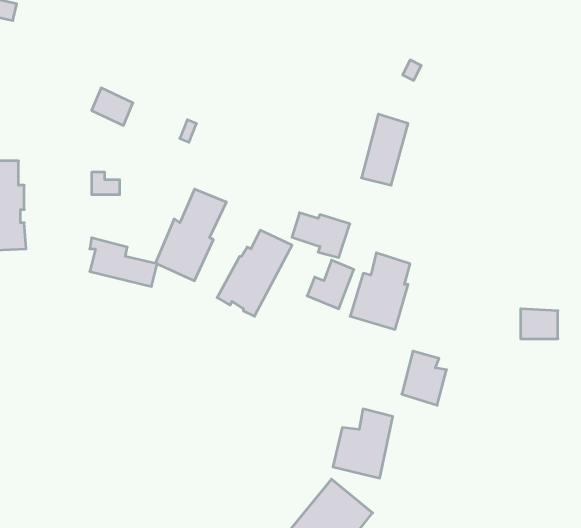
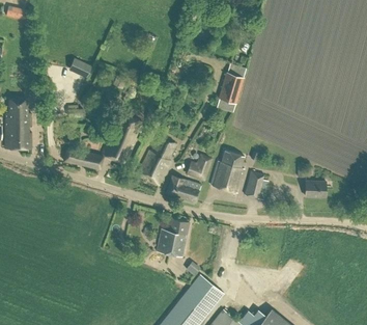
building: [292,213,350,258] -> [168,178,200,202]
building: [402,351,447,405] -> [244,169,269,199]
building: [333,409,393,478] -> [156,217,189,255]

